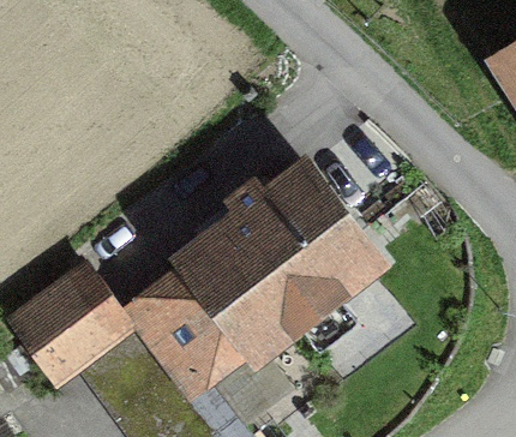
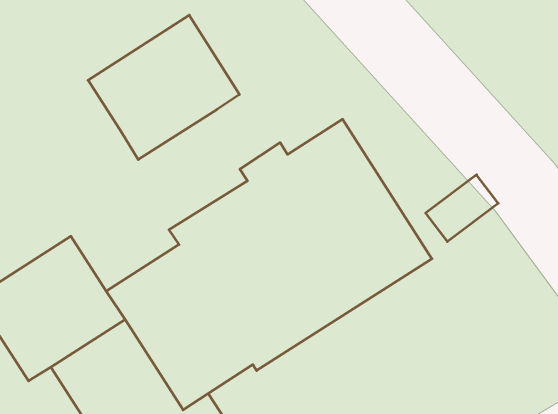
building: none -> [88,15,239,160]

